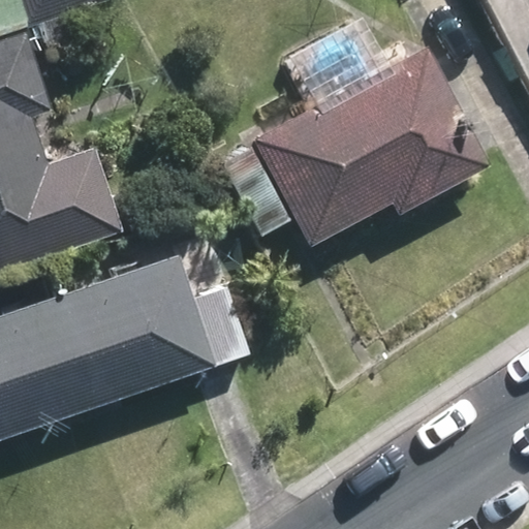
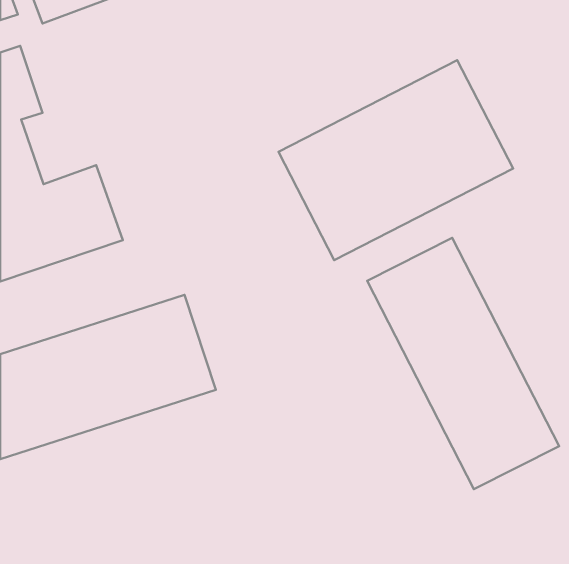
building: none -> [367,238,559,489]

